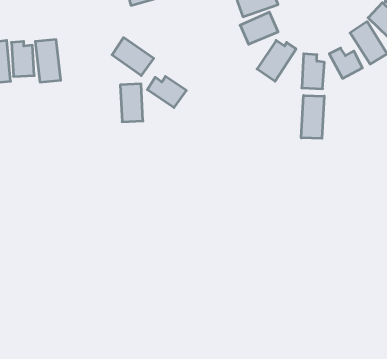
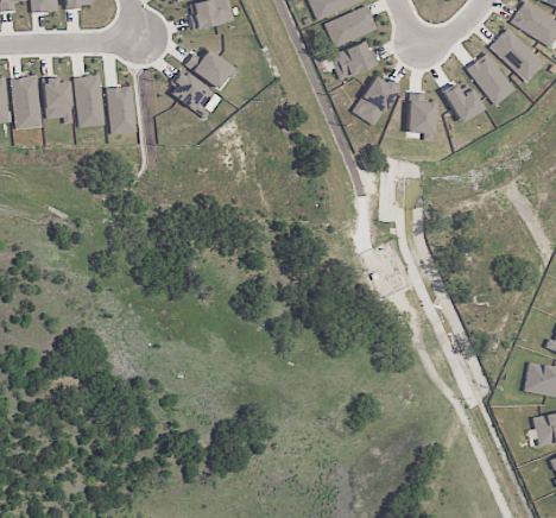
building: [147,76,186,108] -> [184,49,233,88]
building: [120,84,143,122] -> [107,86,135,133]
building: [301,95,324,138] -> none

